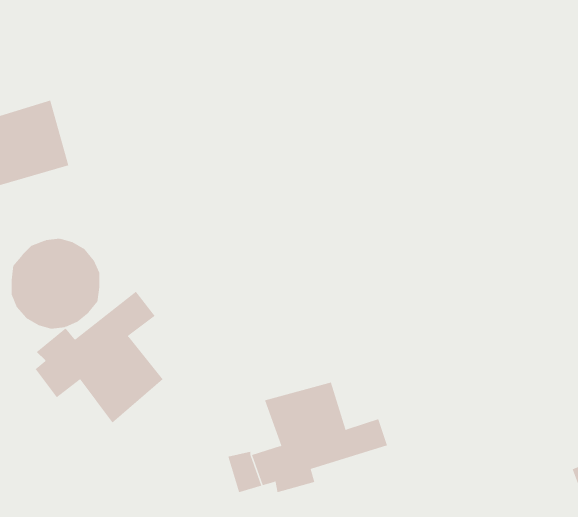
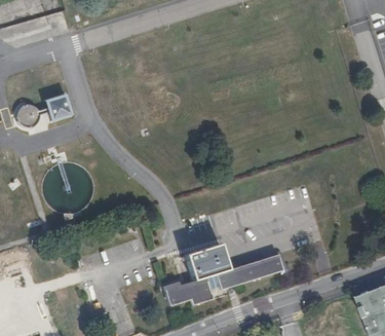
building: [35,291,163,424] -> none
building: none -> [251,254,286,278]

